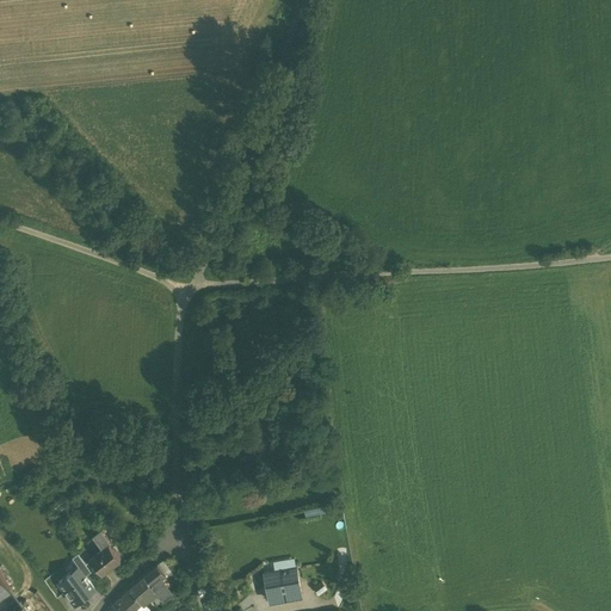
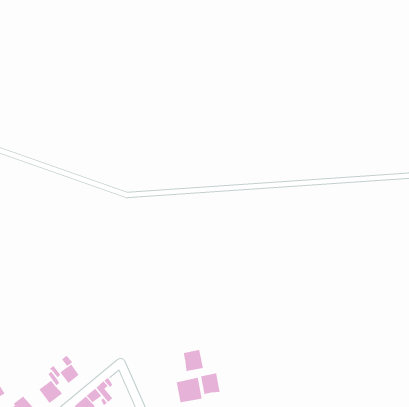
building: none -> [183,349,204,372]
building: none -> [200,372,220,395]

